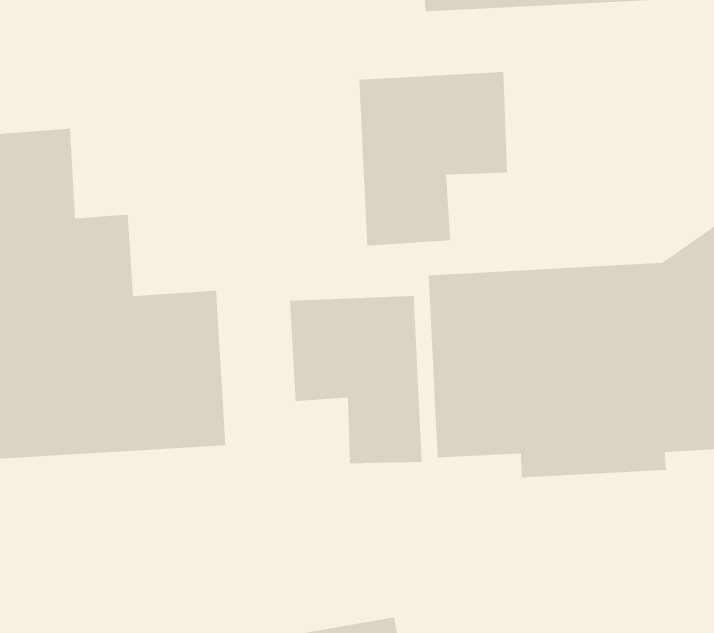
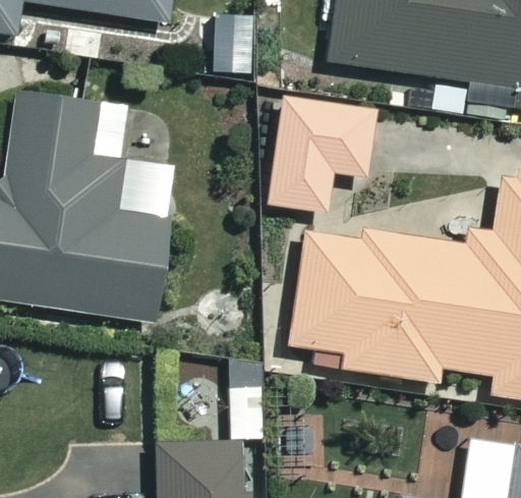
building: [289,295,422,464] -> none

